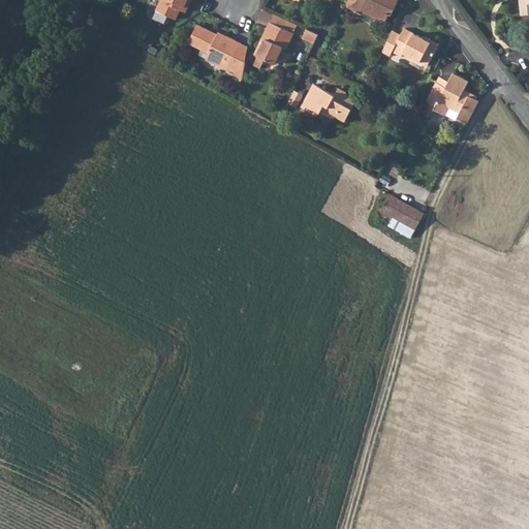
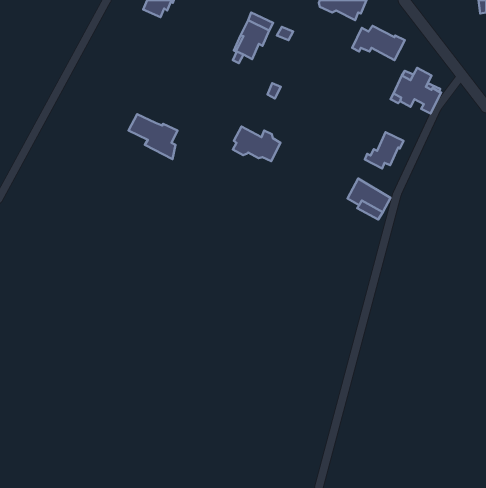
building: [186,25,239,73] -> [129,114,177,159]
building: [303,84,354,121] -> [233,127,281,161]
building: none -> [365,132,403,169]

